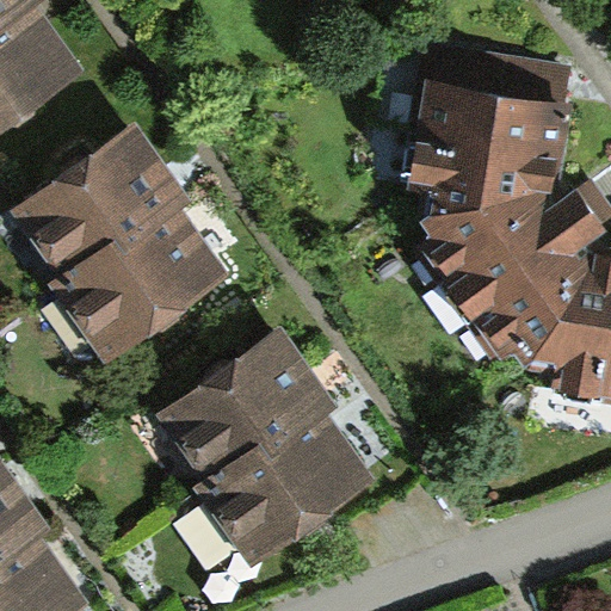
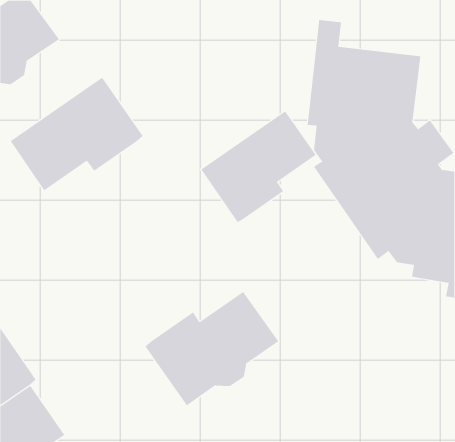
building: none -> [201,111,317,223]
building: [50,208,230,362] -> none
building: [155,322,335,475] -> none

